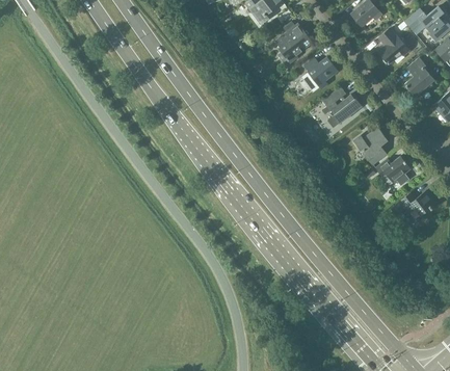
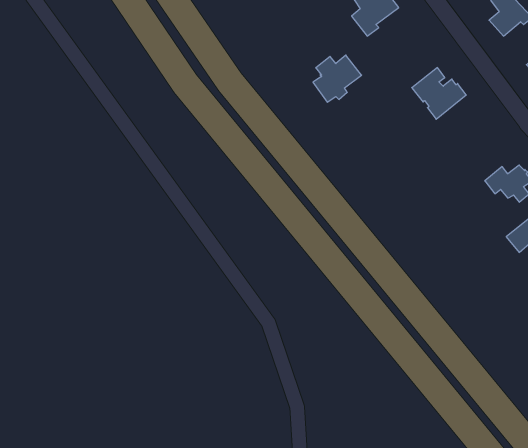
building: [302,57,338,91] -> [313,55,362,102]
building: [353,128,388,165] -> none

